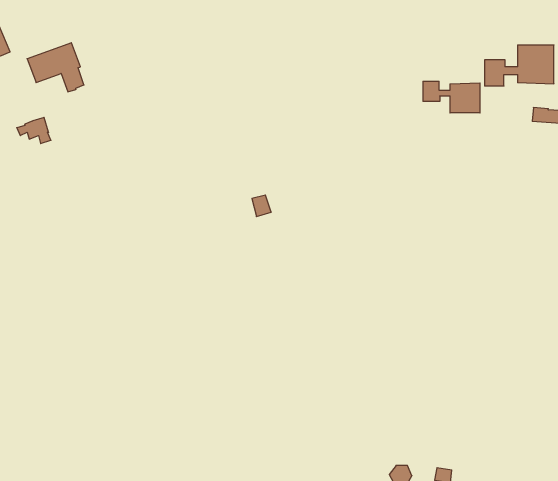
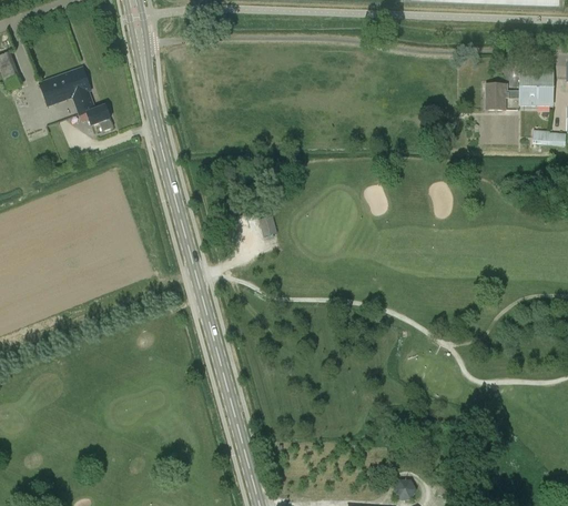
building: [423,81,480,113] -> none
building: [17,117,51,144] -> [79,105,112,131]

